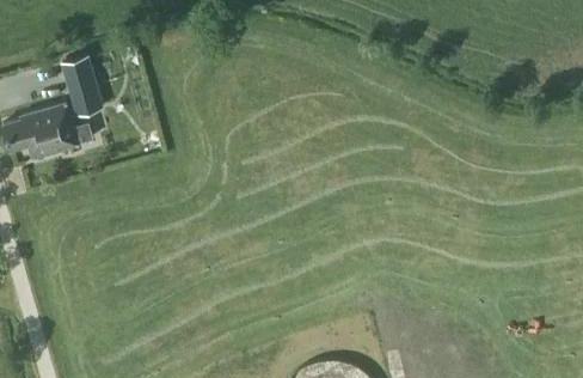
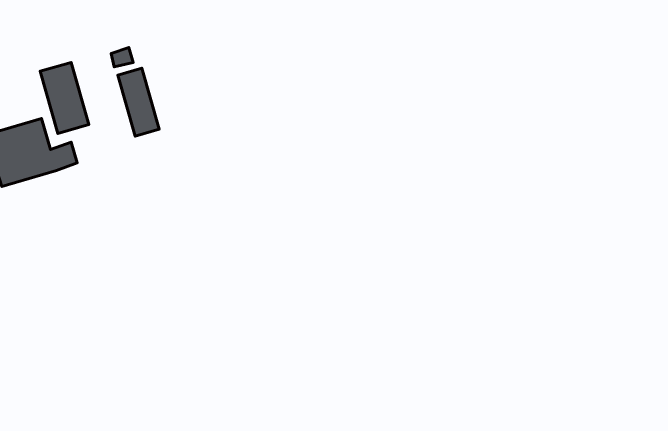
building: none -> [118,68,159,136]

